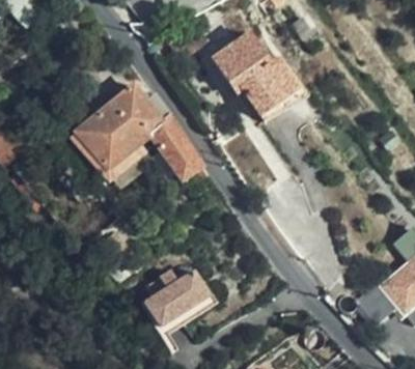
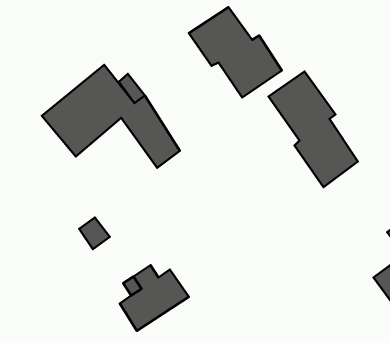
building: none -> [269,71,358,187]

